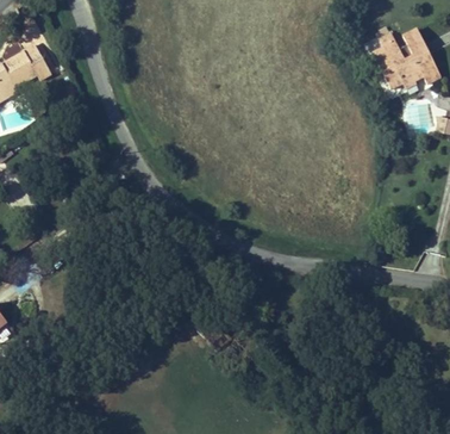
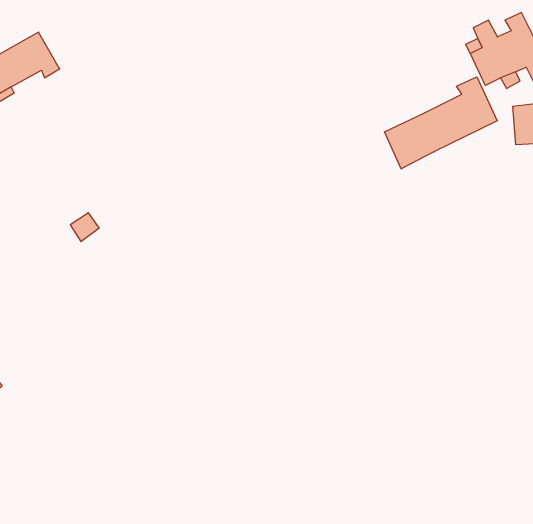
building: none -> [385,77,497,169]

